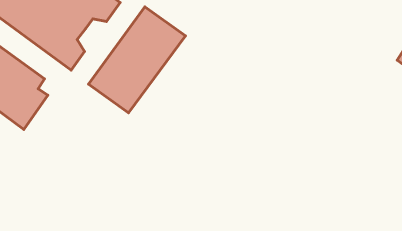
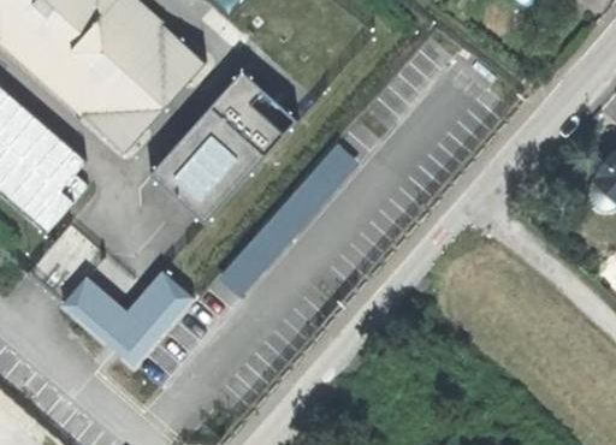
building: none -> [59,266,188,363]

